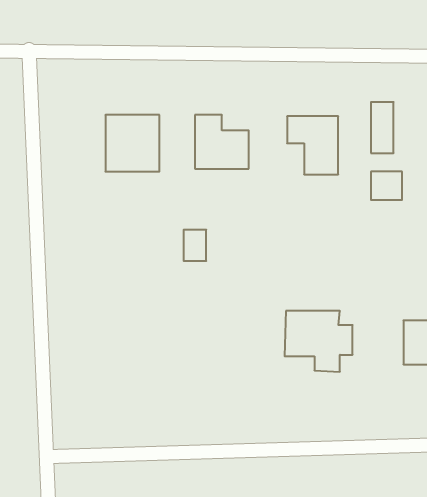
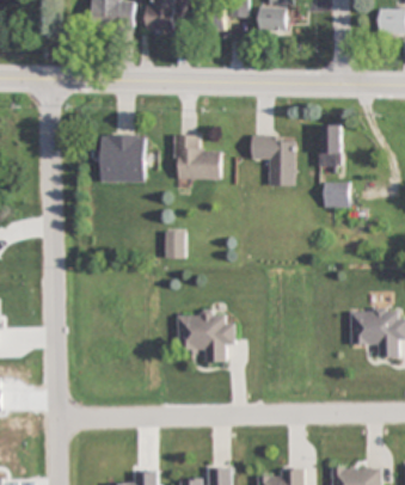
building: [285,311,353,372] -> [177,312,234,363]

